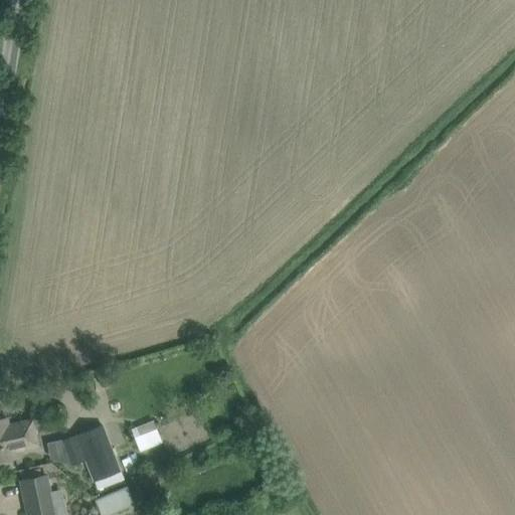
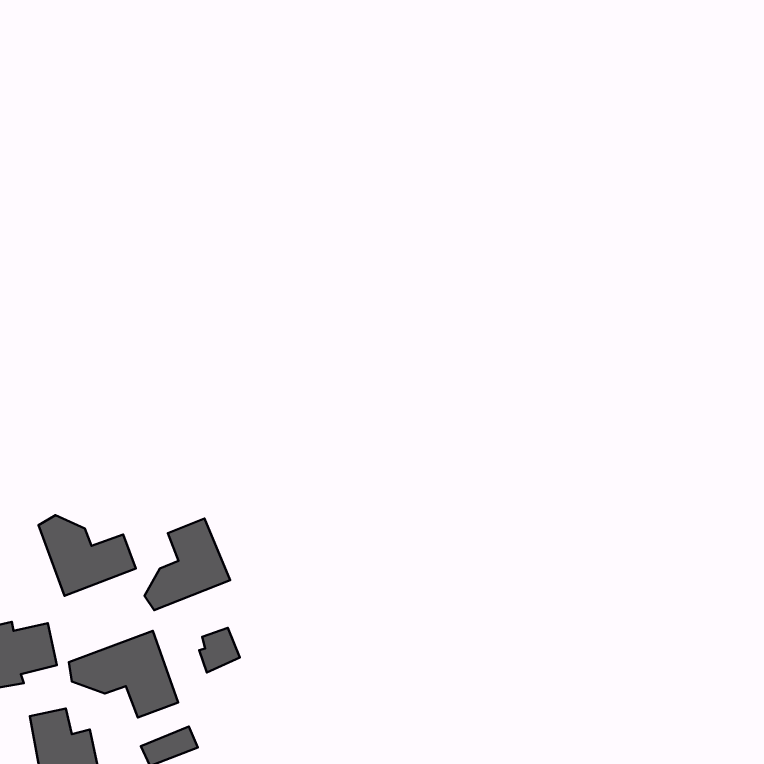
building: none -> [39,515,136,596]
building: none -> [144,519,230,610]

